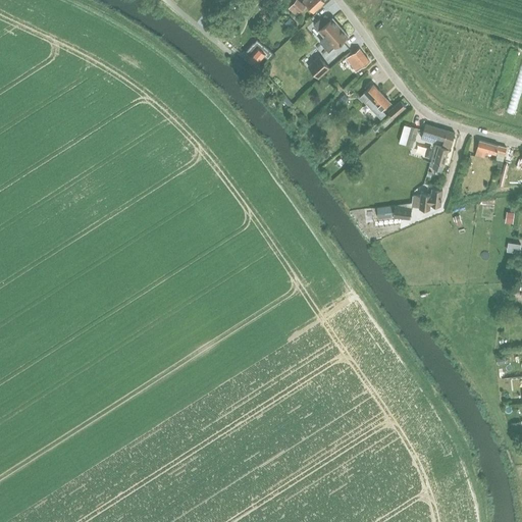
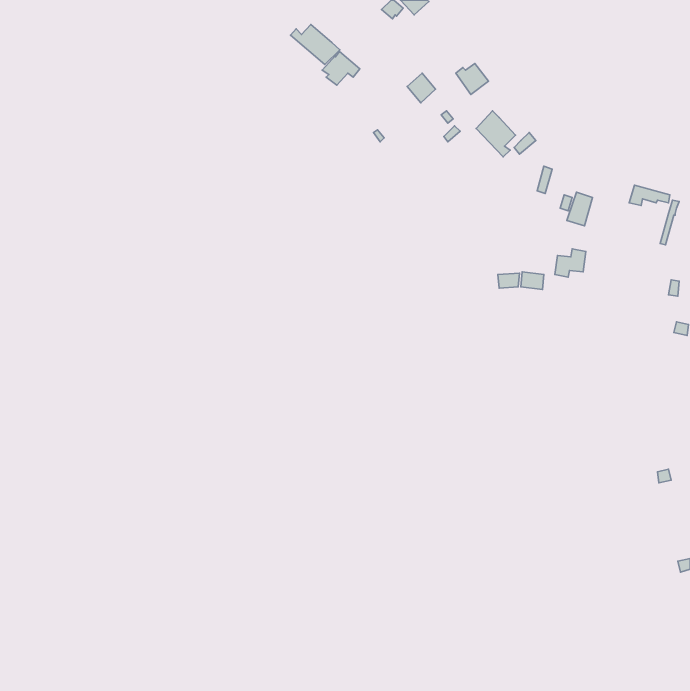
building: [313,17,348,51] -> none
building: none -> [291,25,340,65]
building: [420,123,453,148] -> none

